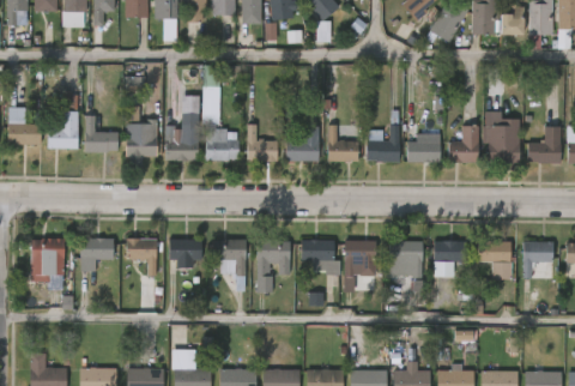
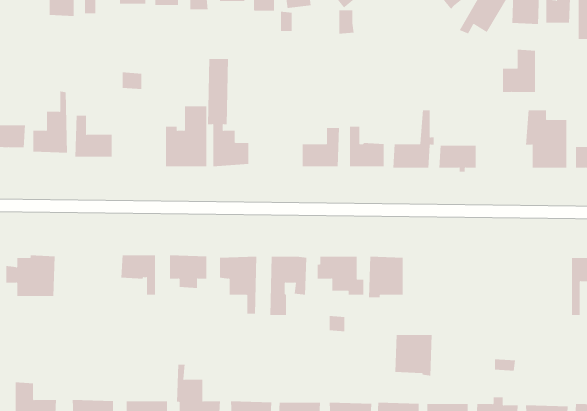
building: [128,107,158,157] -> none
building: [247,123,278,161] -> none
building: [448,125,478,163] -> [502,49,536,92]
building: [79,239,114,271] -> none
building: [388,241,422,278] -> [395,334,433,376]
building: [432,241,466,277] -> none
building: [477,241,510,275] -> none

